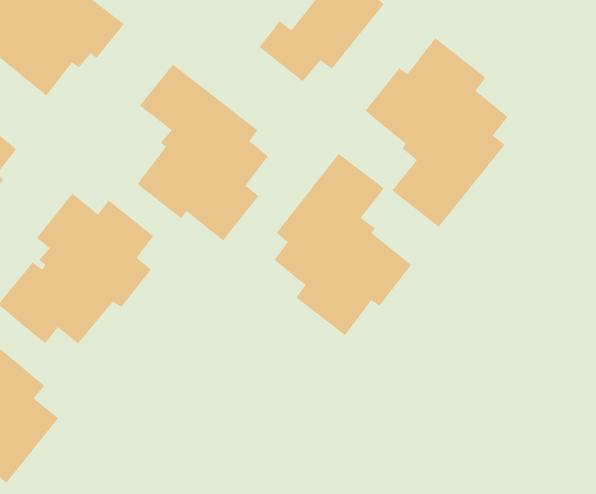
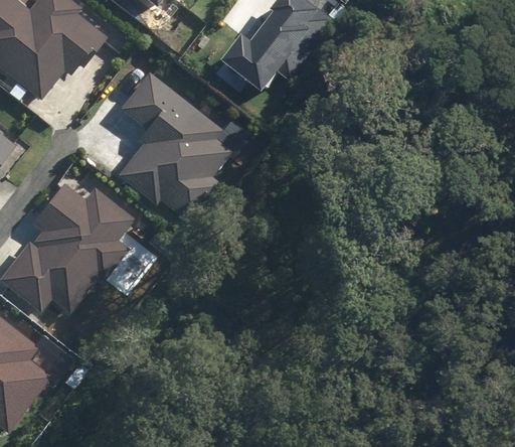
building: [364,37,508,228] -> none
building: [273,153,412,336] -> none

